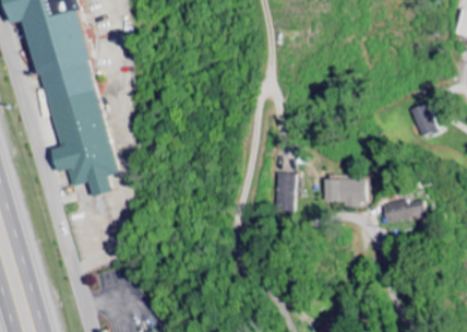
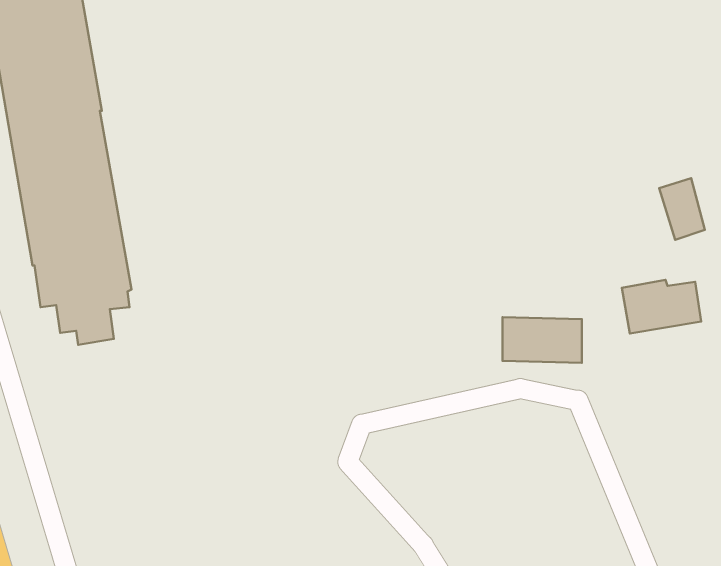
building: [270,174,289,212] -> none
building: [380,200,423,229] -> [622,280,701,334]

